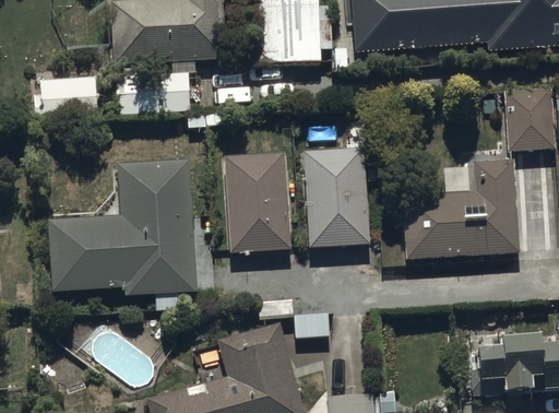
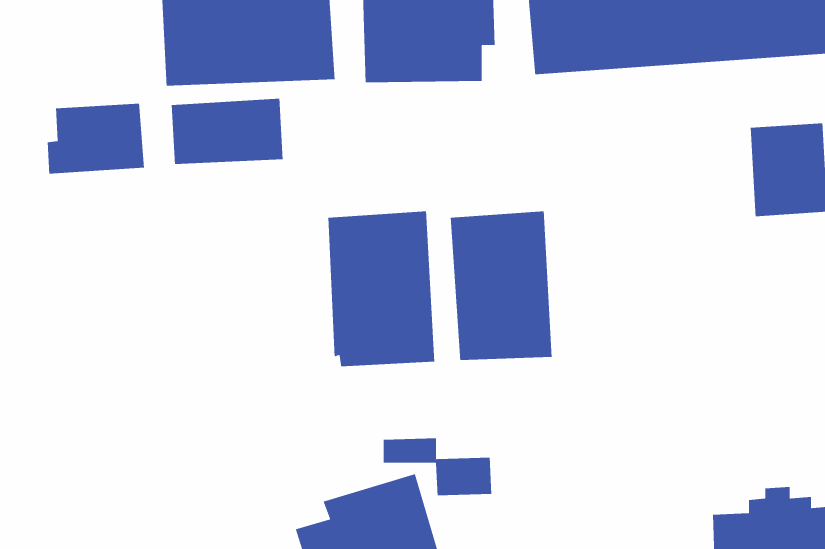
building: [403,158,521,262] -> none
building: [48,161,198,308] -> none

